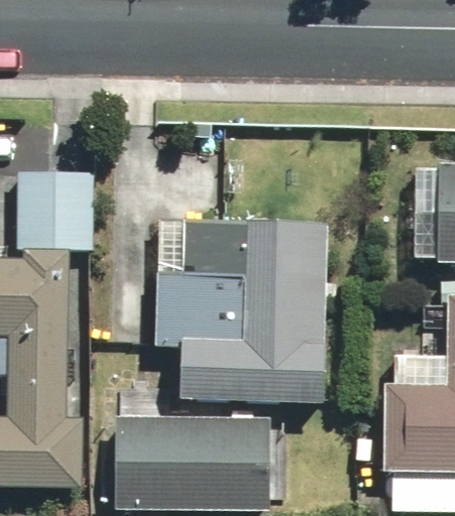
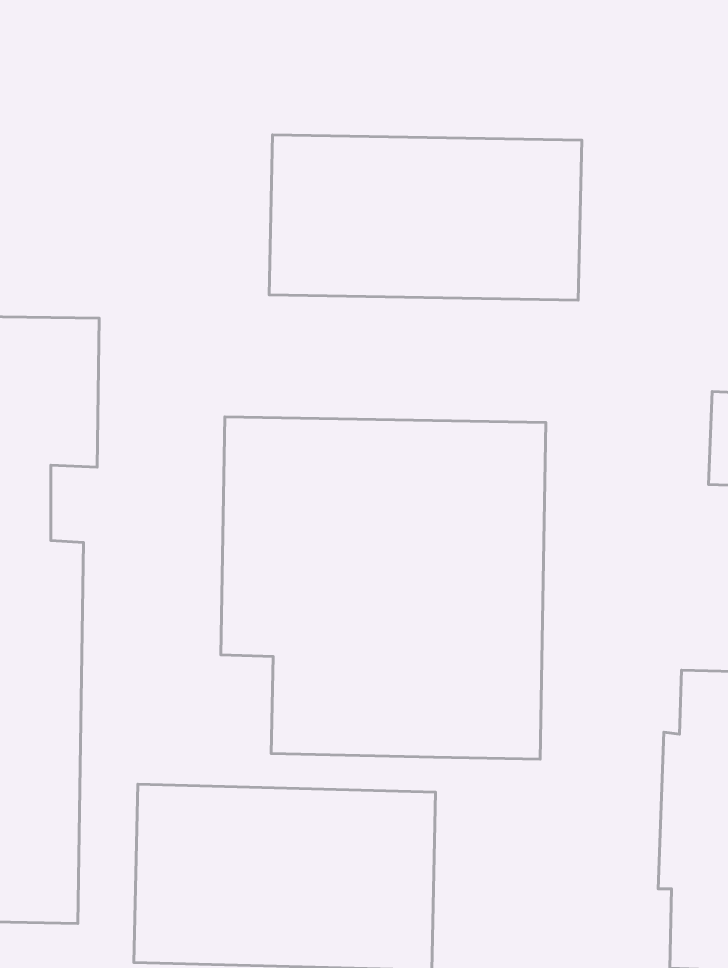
building: none -> [269,135,582,300]

